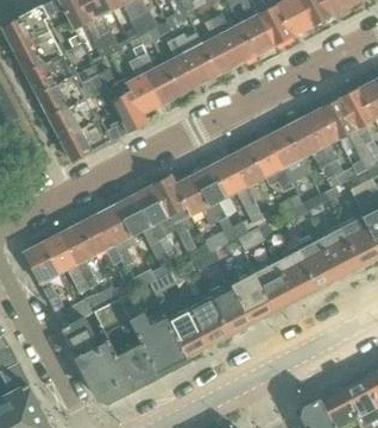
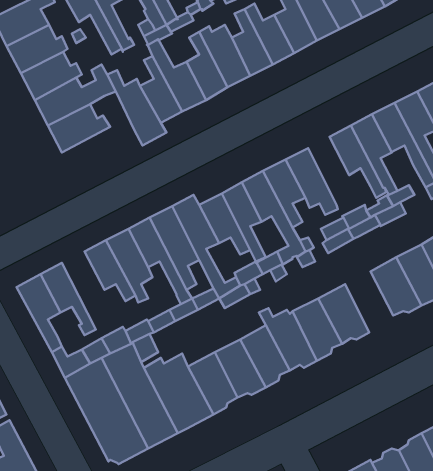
building: [61,120,128,162] -> none
building: [267,126,302,183] -> none
building: [61,222,97,288] -> none
building: [295,237,339,290] -> none

